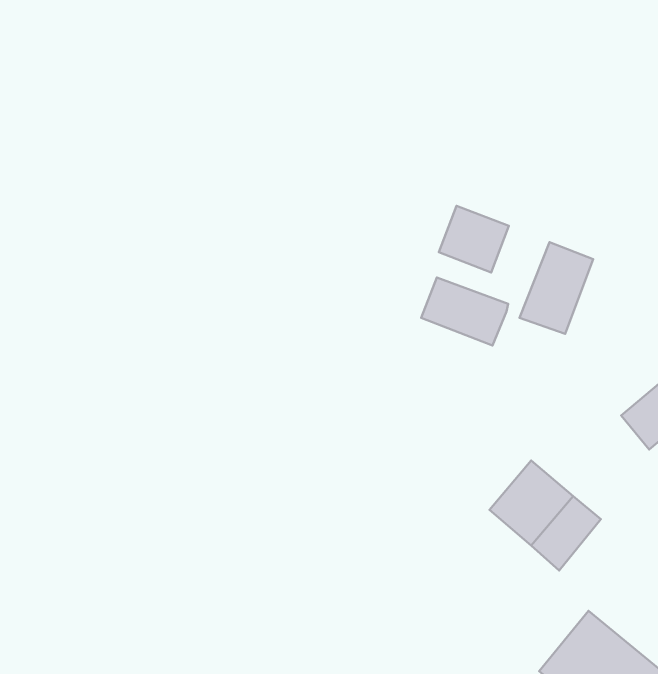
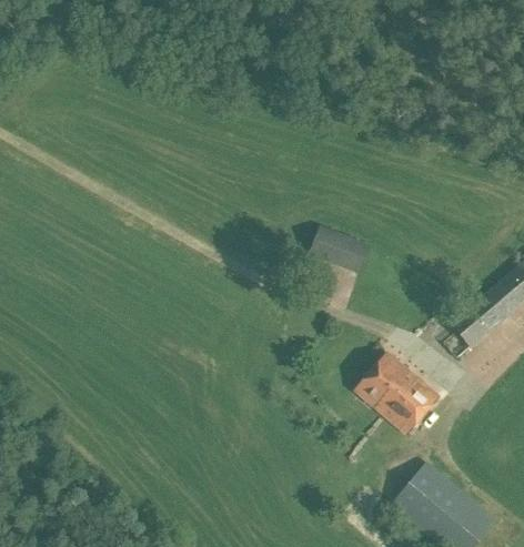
building: [439,206,509,272] -> none
building: [519,242,593,334] -> none

